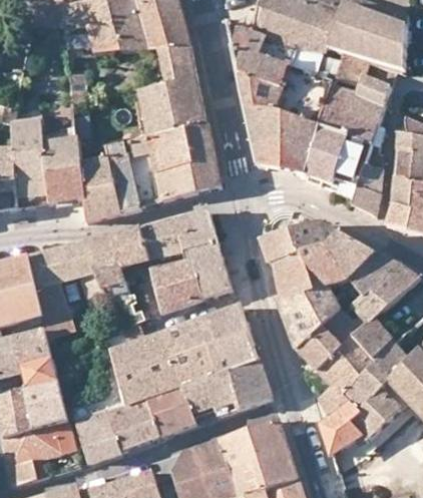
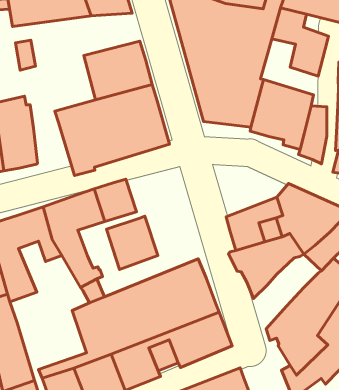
building: [157,49,195,84] -> none
building: [317,84,384,157] -> none
building: [81,156,120,221] -> none
building: [172,208,232,299] -> none
building: [262,221,339,265] -> none
building: [296,307,367,381] -> none

